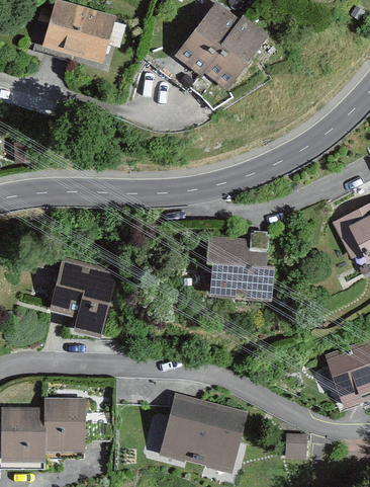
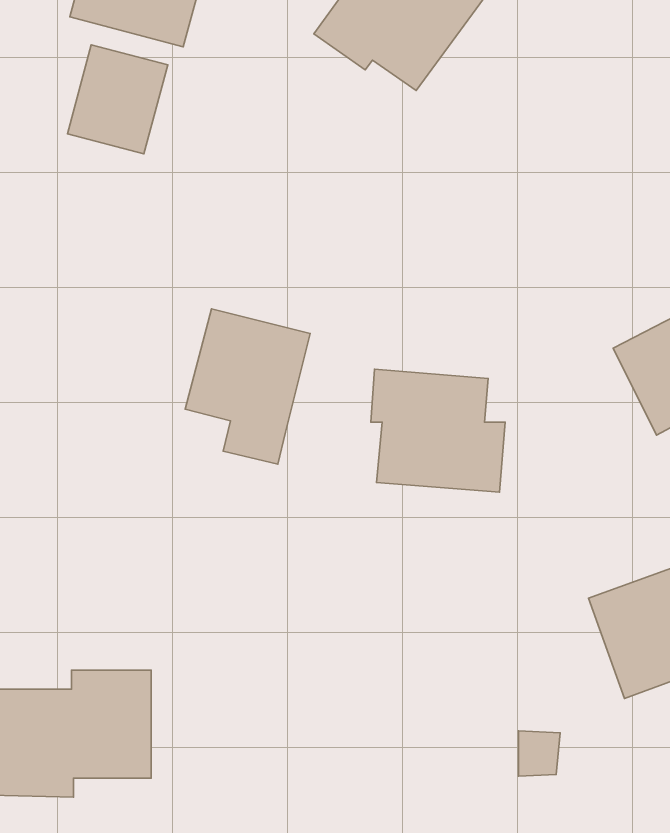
building: none -> [67,45,168,154]
building: [49,256,115,339] -> [185,309,310,464]
building: [157,393,247,475] -> none

